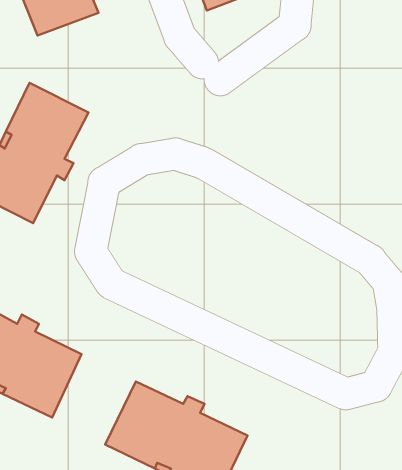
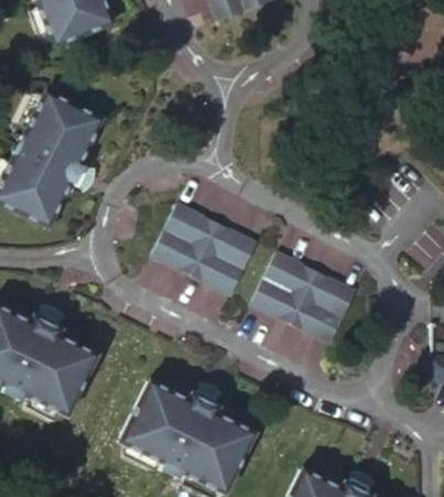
building: none -> [148,201,251,293]
building: none -> [251,252,356,344]

